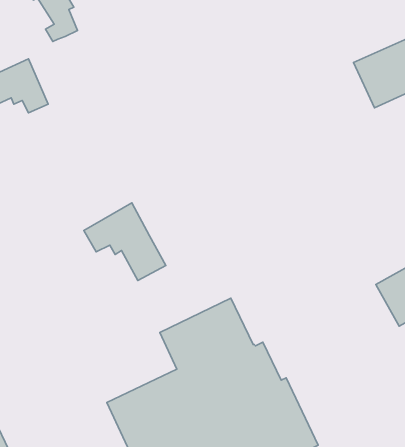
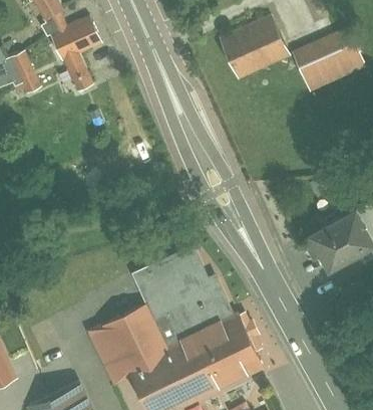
building: none -> [219,15,288,78]
building: none -> [50,16,102,92]
building: [84,203,166,280] -> none

